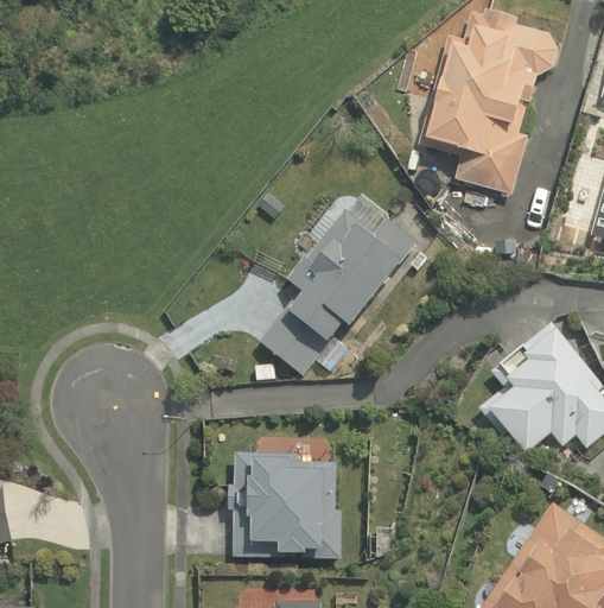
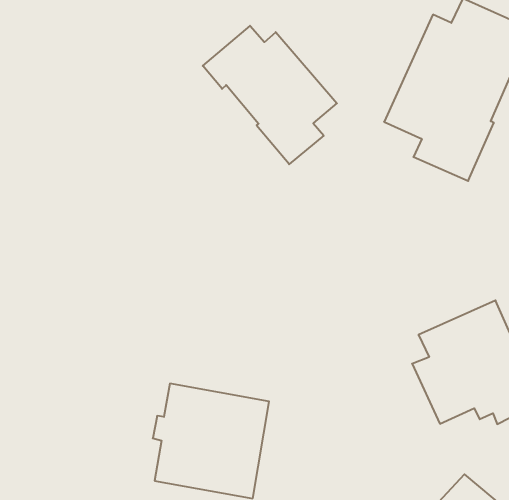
building: none -> [203,26,337,164]
building: [259,197,420,374] -> none

